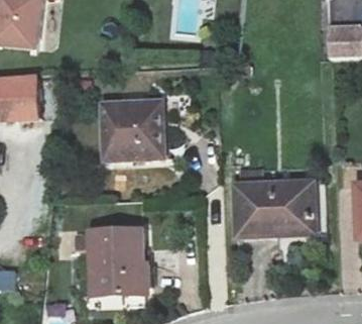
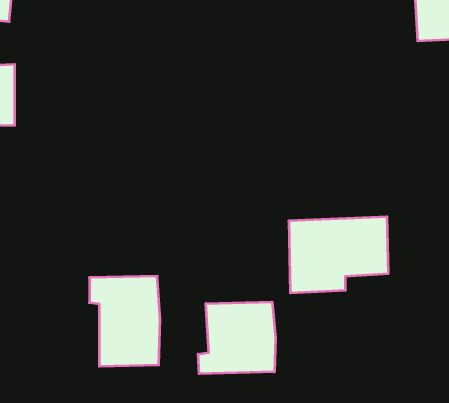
building: [105,104,165,163] -> none
building: none -> [198,302,276,374]

